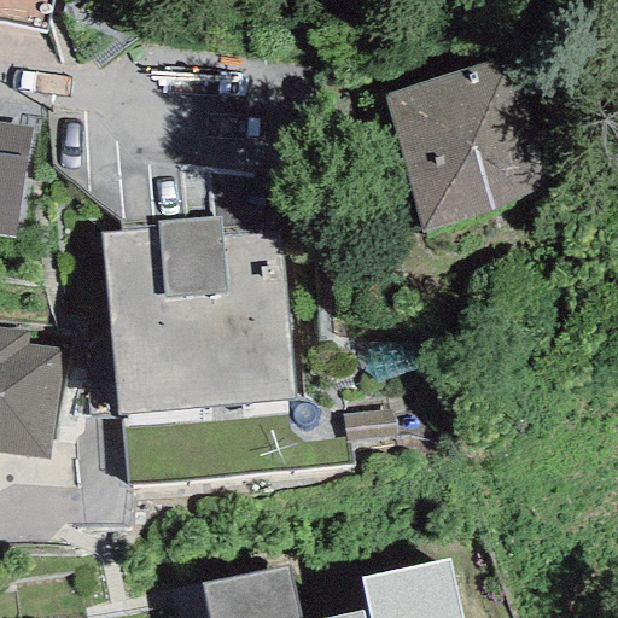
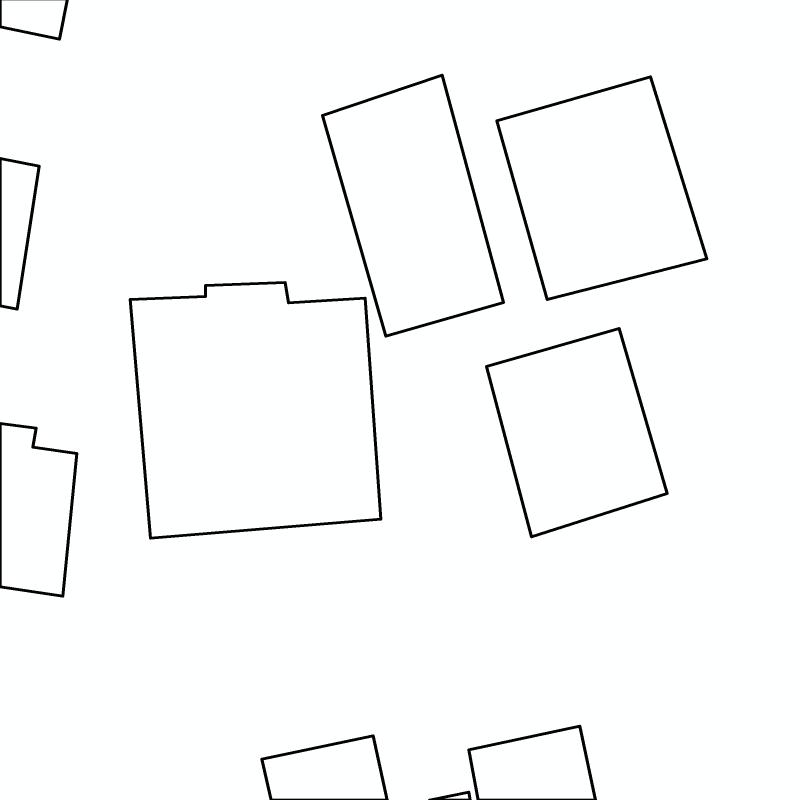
building: none -> [322,75,504,336]
building: none -> [487,329,667,537]

